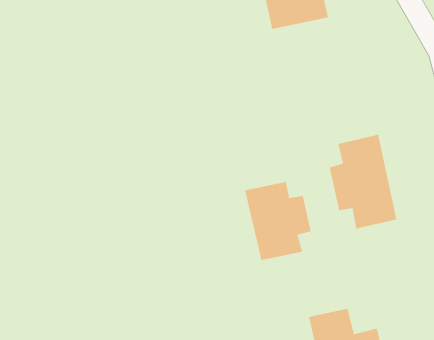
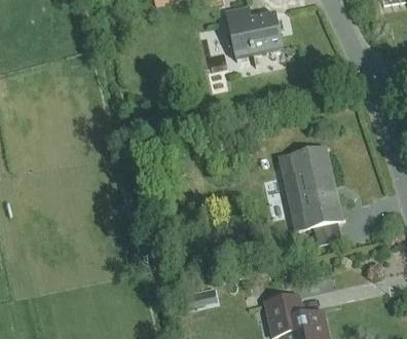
building: [244,181,311,261] -> none

